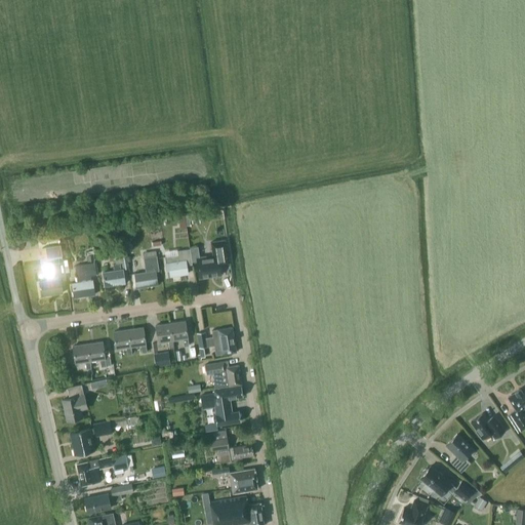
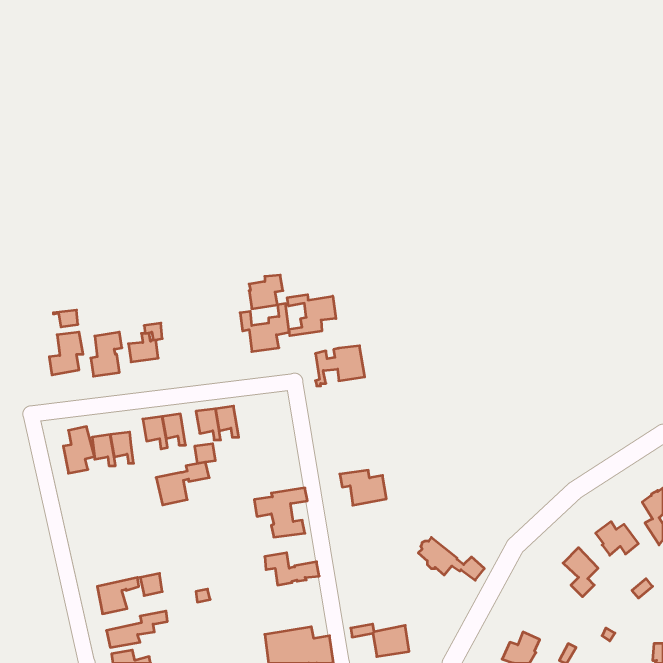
building: none -> [287,295,336,336]
building: [165,249,192,276] -> [249,275,283,309]
building: [134,255,159,287] -> none
building: [197,327,236,359] -> [315,346,365,386]
building: [204,361,241,389] -> [340,470,386,505]
building: [63,383,87,420] -> [63,427,94,473]
building: [70,420,112,454] -> [156,462,209,505]
building: [419,466,472,499] -> [418,537,484,580]
building: [211,467,257,492] -> [351,624,409,657]

